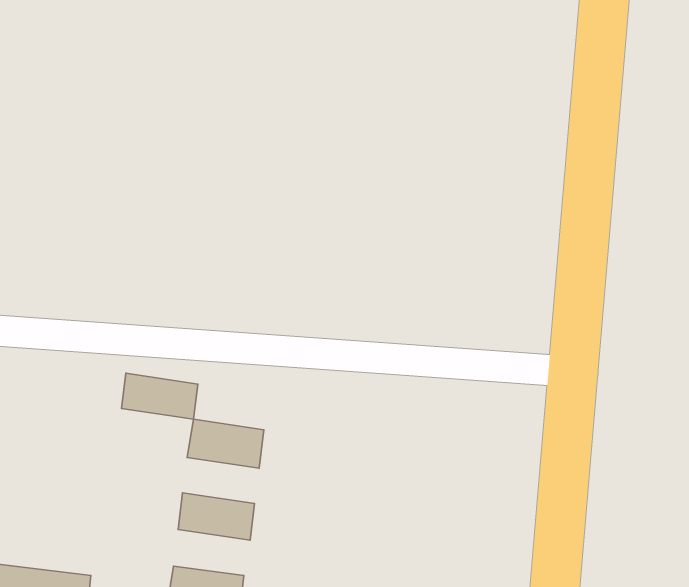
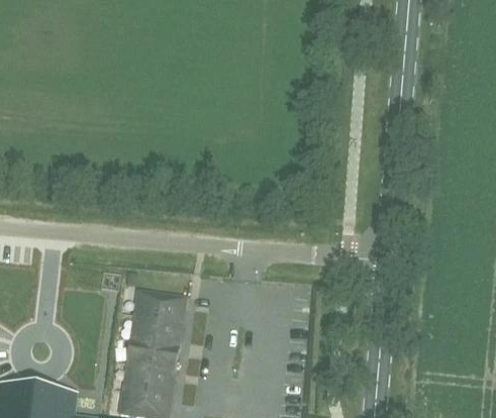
building: [121,373,198,419] -> [130,314,181,344]
building: none -> [124,361,175,392]

